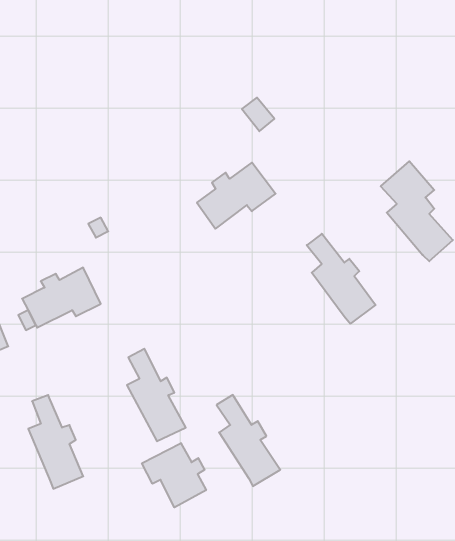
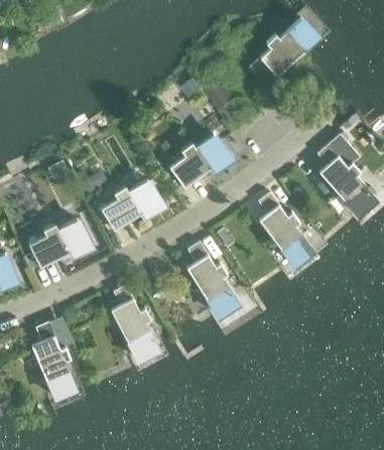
building: none -> [249,19,318,79]
building: none -> [101,180,164,231]
building: [217,395,280,486] -> [187,242,239,315]
building: [142,443,206,507] -> none

